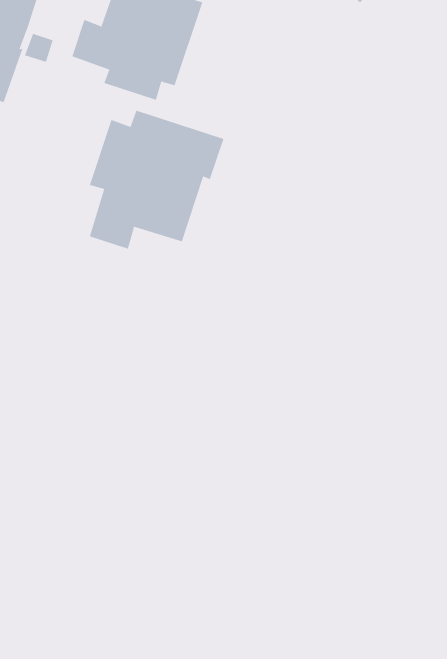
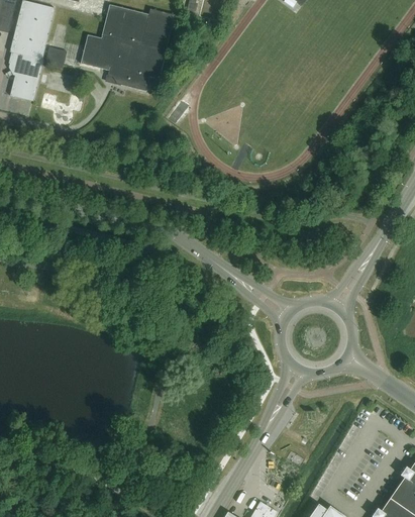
building: [89,110,224,250] -> none

